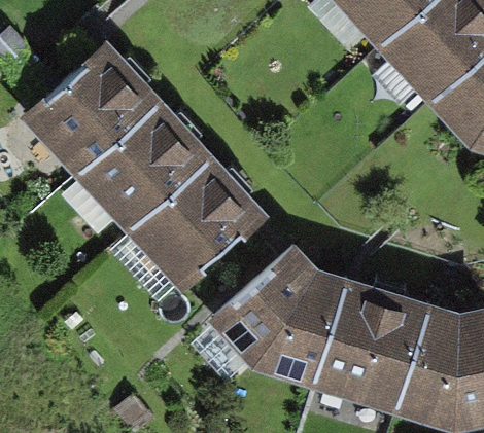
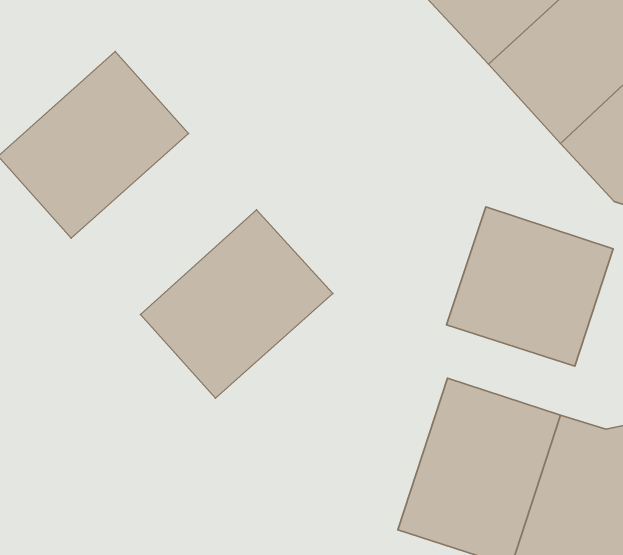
building: [76,102,211,233] -> none
building: none -> [446,207,613,366]
building: [208,244,350,390] -> none

